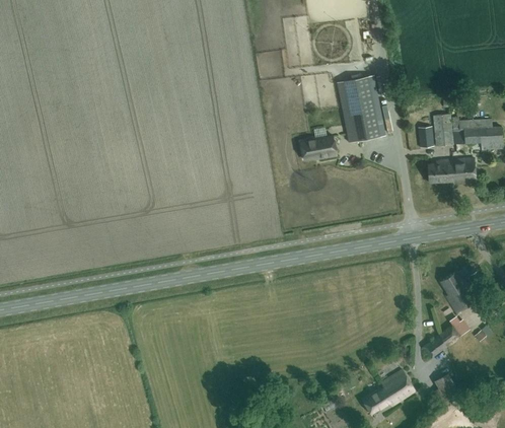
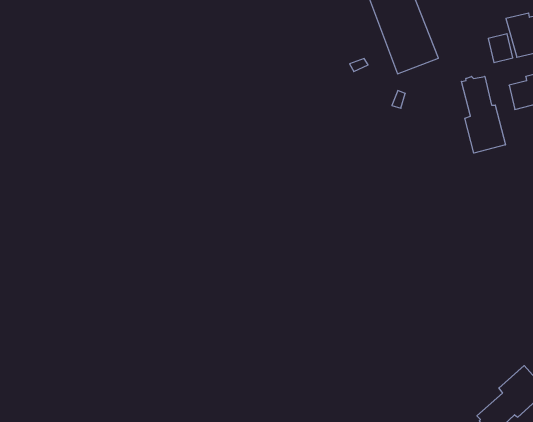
building: [301,135,338,159] -> none
building: none -> [461,76,505,153]

